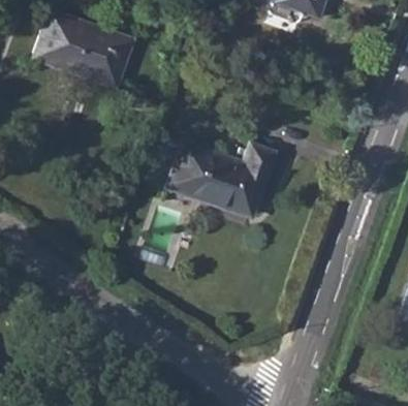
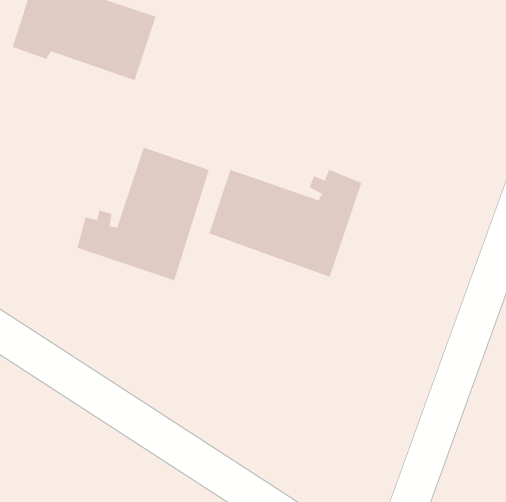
building: none -> [77,147,209,281]

